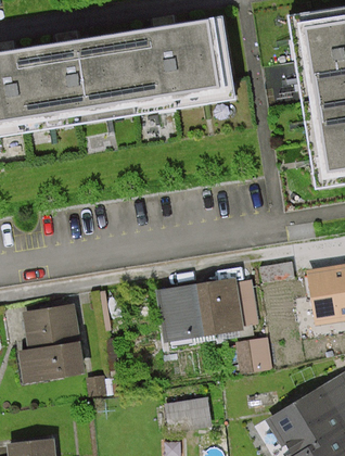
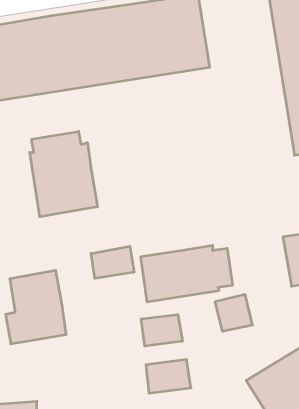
building: none -> [30,131,97,217]
building: none -> [91,246,134,278]
building: none -> [141,315,182,346]

